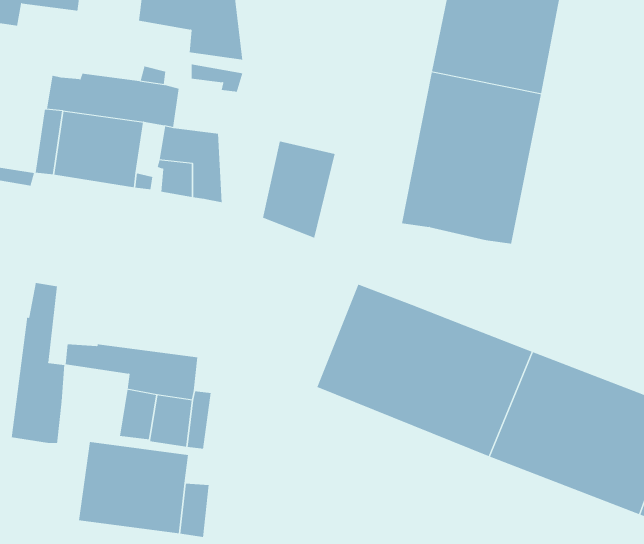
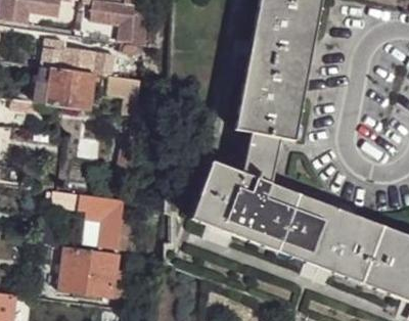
building: [262,141,335,239] -> [240,131,280,184]
building: [11,282,65,444] -> none

